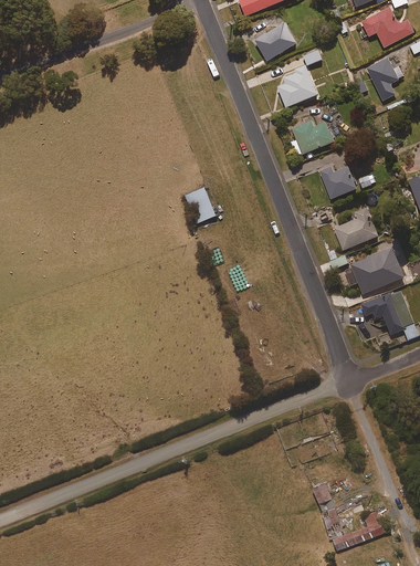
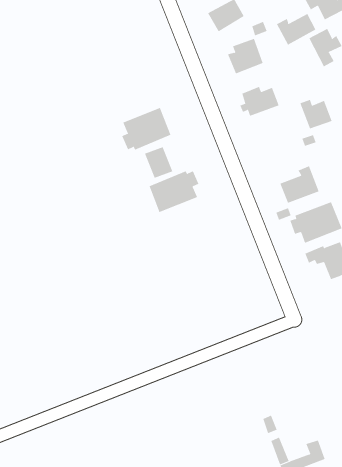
building: none -> [276,13,316,46]
building: none -> [122,107,171,150]
building: [319,165,356,198] -> [299,99,332,129]
building: none -> [149,170,199,213]

